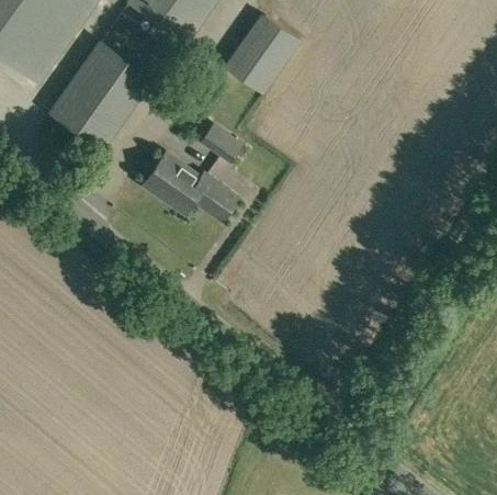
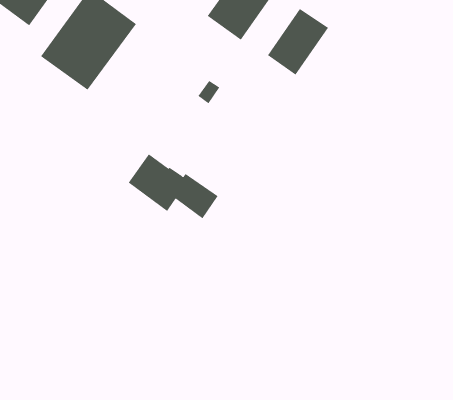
building: none -> [267,8,329,75]
building: [140,151,236,221] -> [128,154,218,219]

